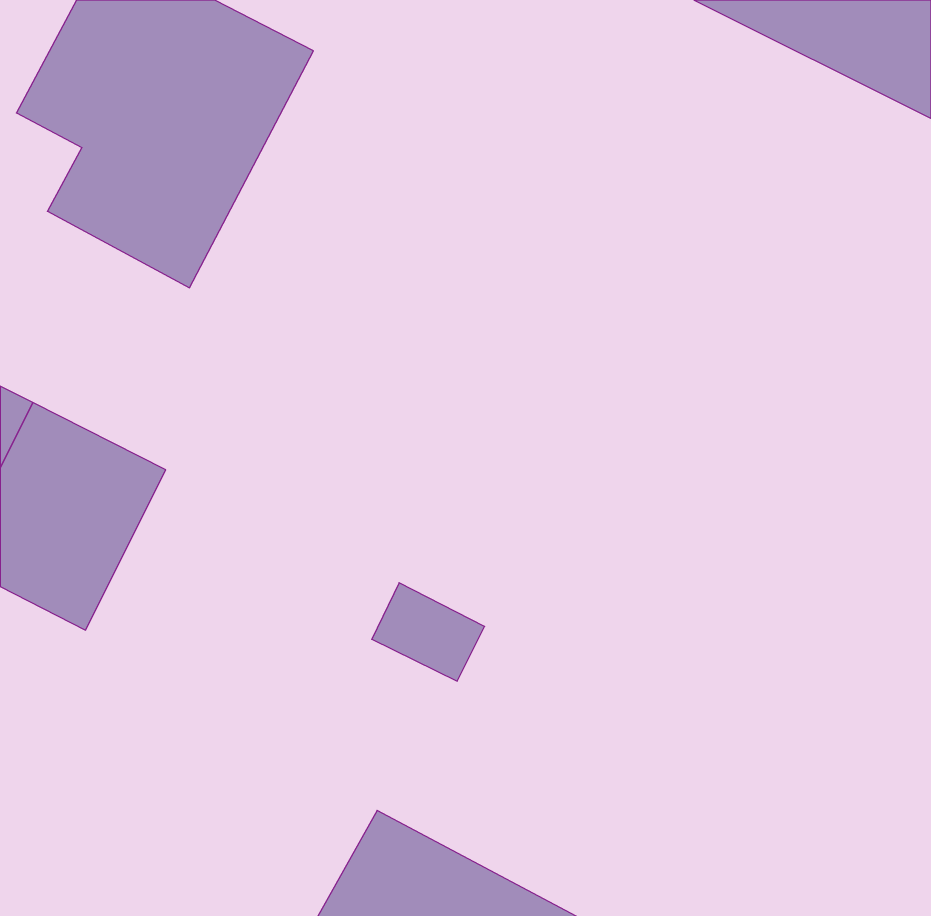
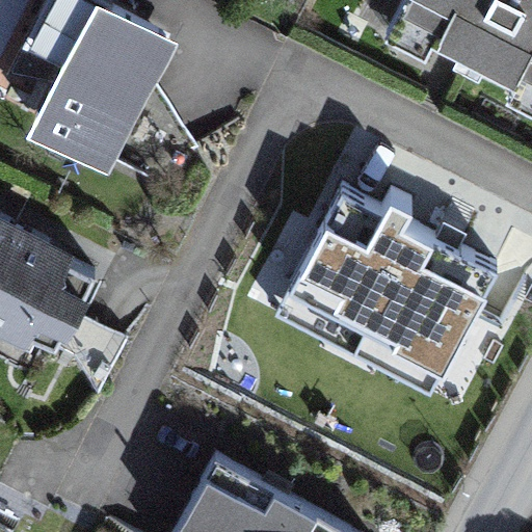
building: none -> [288,190,497,375]

